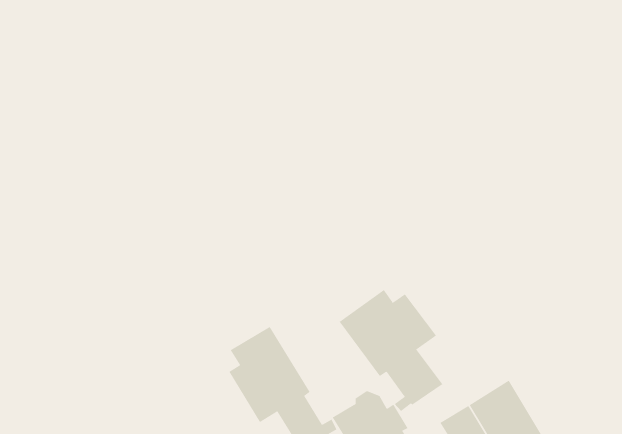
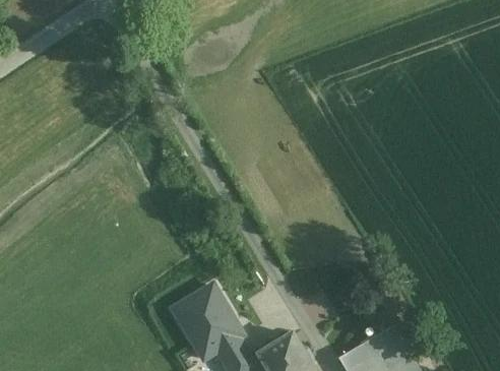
building: [339,289,443,412] -> none

